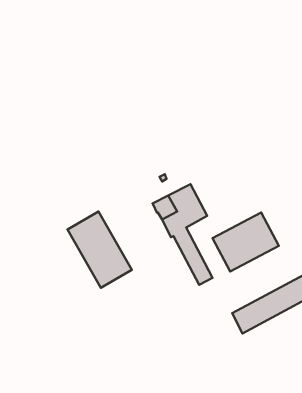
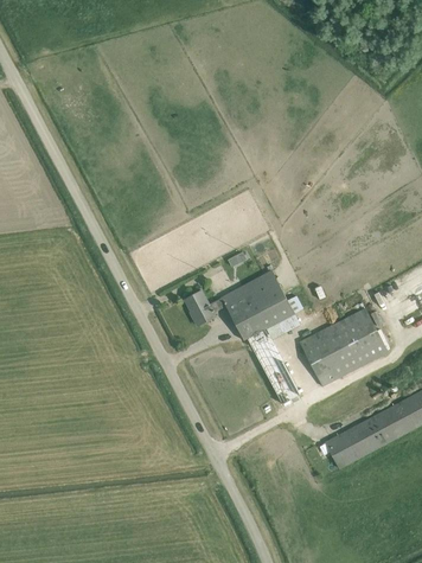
building: none -> [184,290,224,325]
building: [67,211,132,288] -> none

